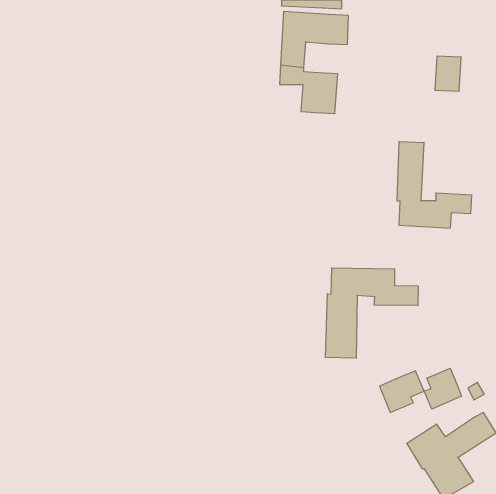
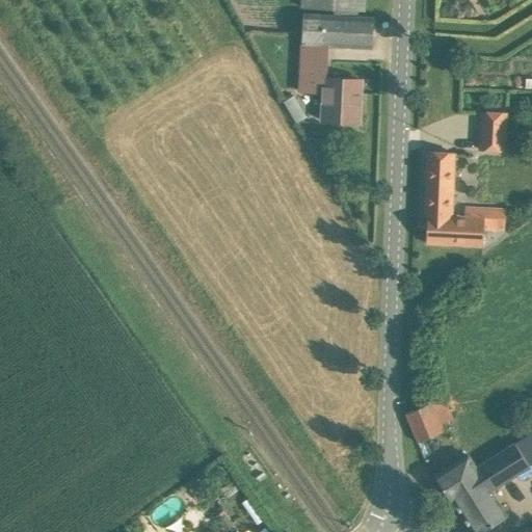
building: [435,56,461,91] -> [479,114,507,152]
building: [325,268,418,358] -> none
building: [424,368,461,409] -> none

